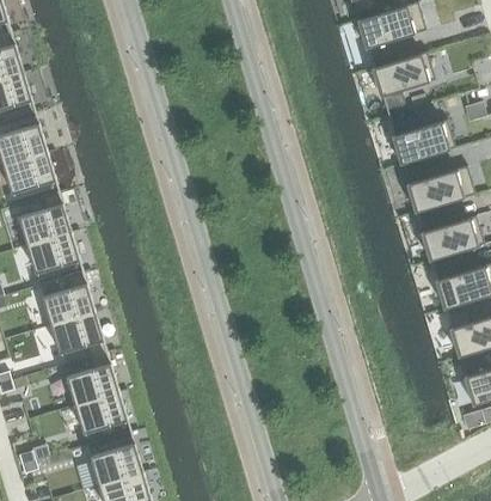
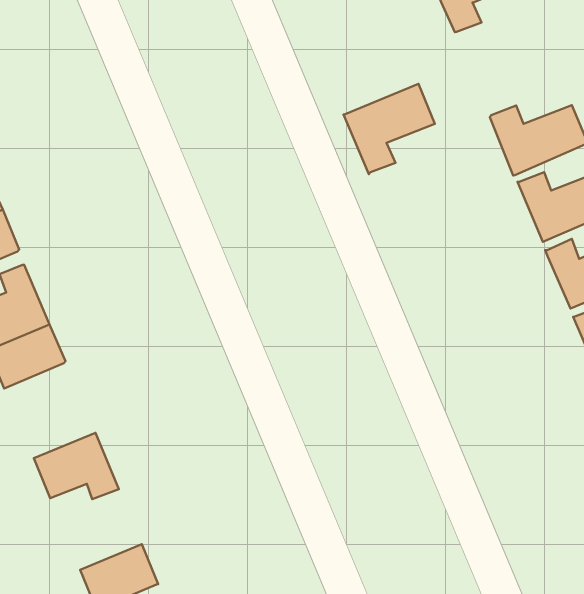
building: [372,53,434,111] -> [344,84,435,174]
building: [41,271,94,325] -> none
building: [65,353,118,405] -> none

